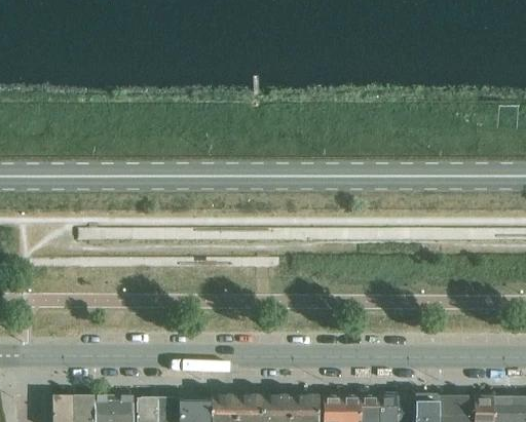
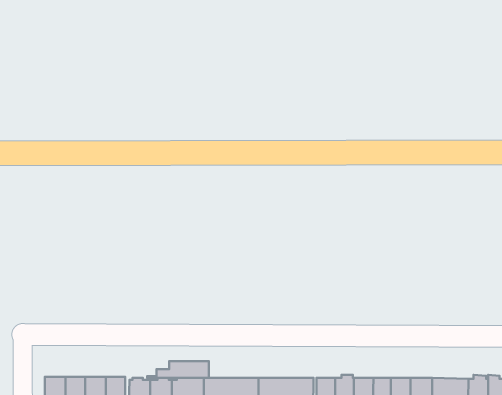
building: none -> [147,361,209,378]

